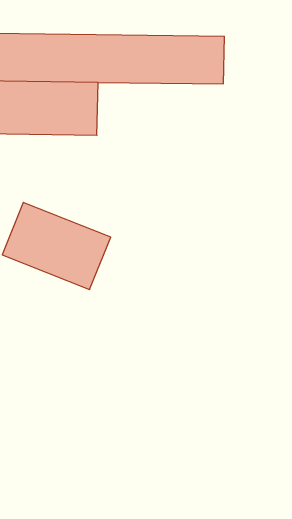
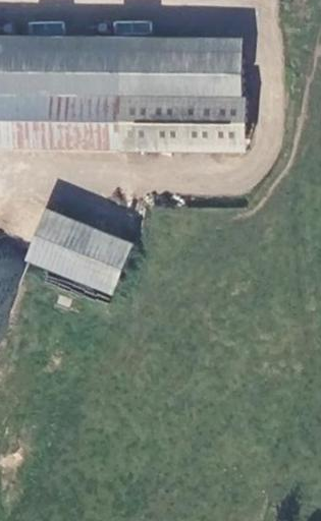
building: none -> [116,85,243,140]

